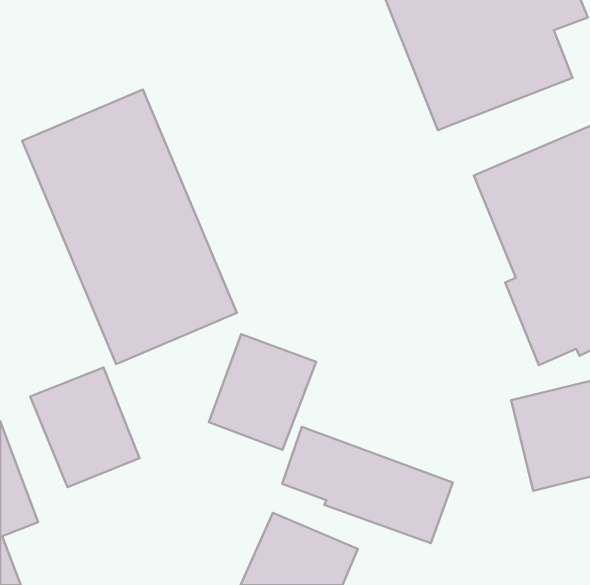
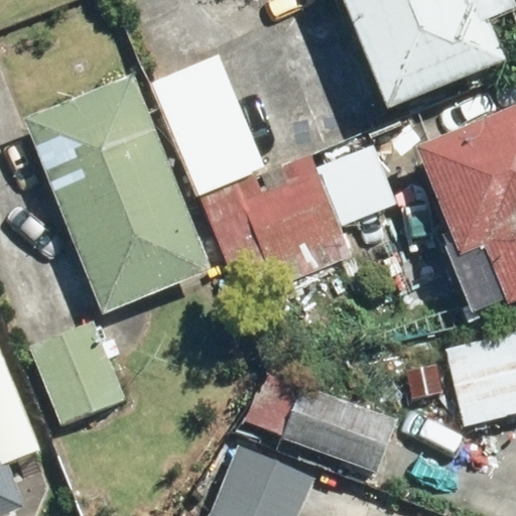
building: none -> [149,51,266,195]
building: none -> [202,135,391,297]
building: [209,334,316,450] -> none

